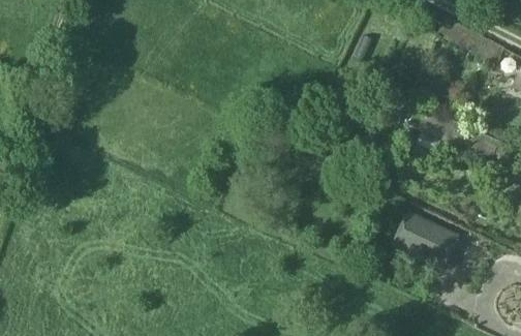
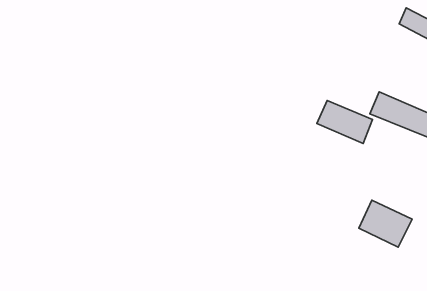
building: none -> [317,100,373,144]

